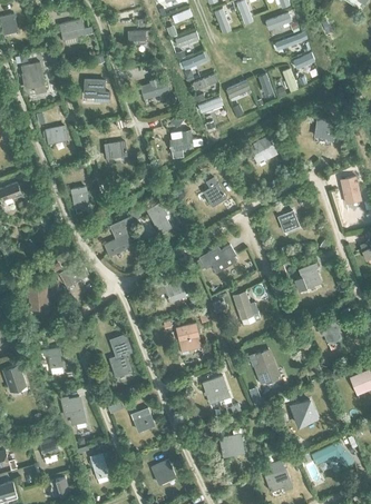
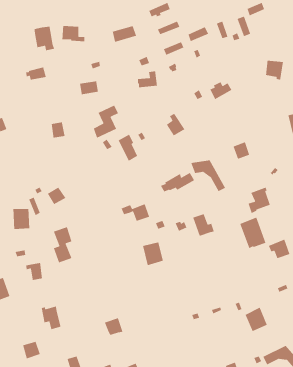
building: [21,63,46,92] -> [34,26,55,51]
building: [104,217,134,256] -> [93,105,119,139]
building: none -> [190,160,226,192]
building: [109,334,131,376] -> [53,226,72,264]
building: [250,348,281,385] -> [239,217,267,249]
building: [202,376,228,404] -> none
building: [219,431,244,456] -> none

